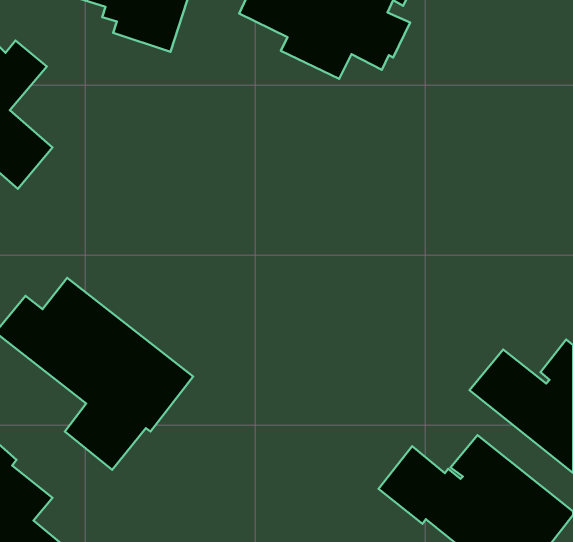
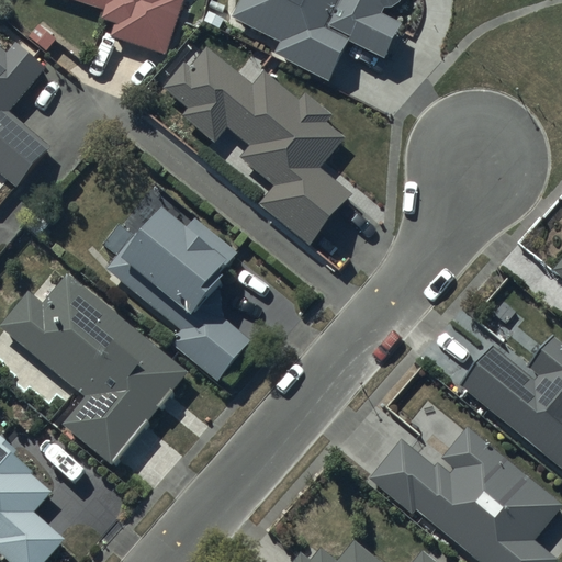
building: none -> [164,45,349,247]
building: none -> [100,206,255,384]

